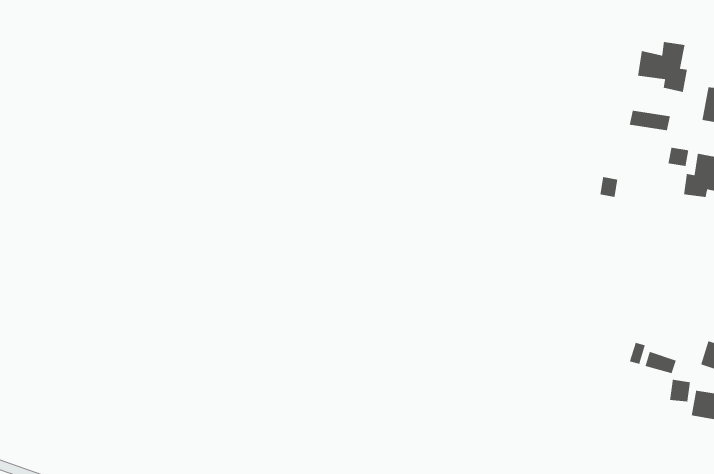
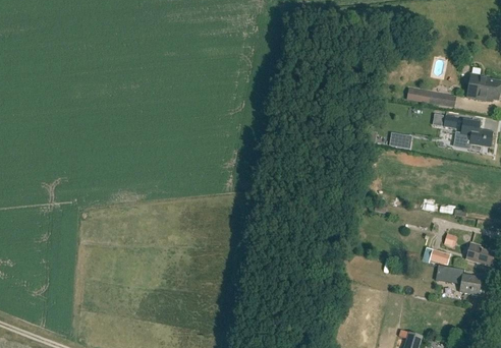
building: [637,41,688,93] -> none

